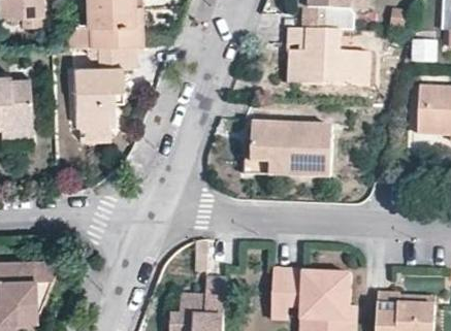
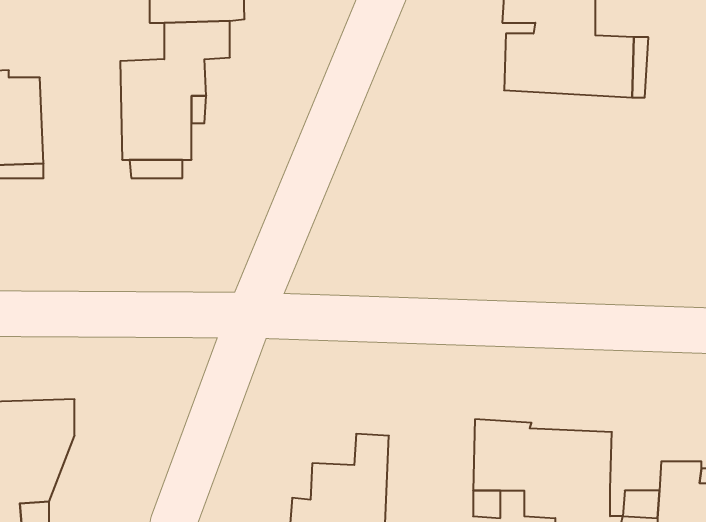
building: [246,125,333,179] -> none

